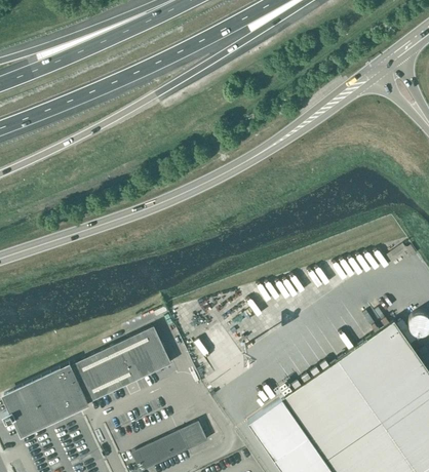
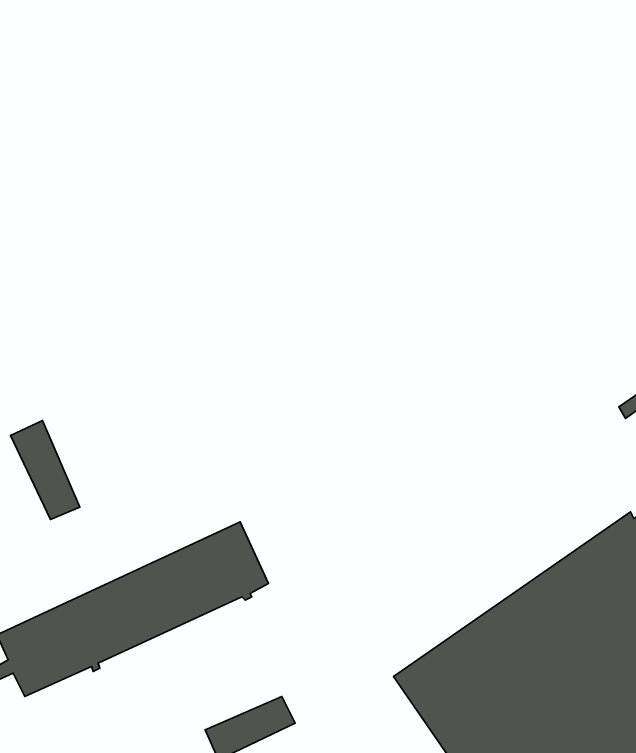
building: none -> [10,421,80,519]
building: [179,422,206,450] -> none

